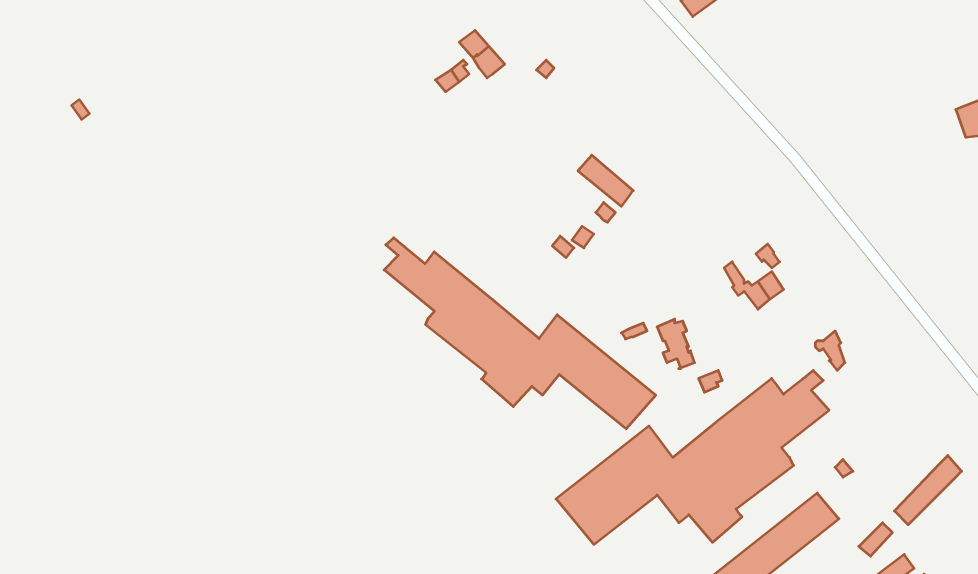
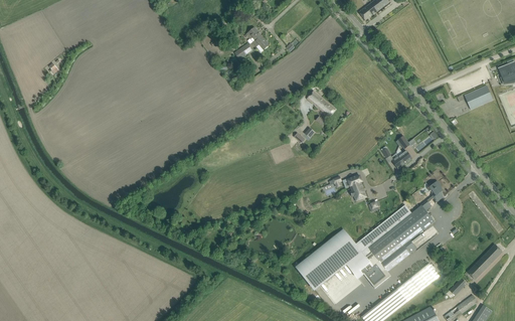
building: none -> [465,86,493,109]
building: [384,238,656,429] -> none

